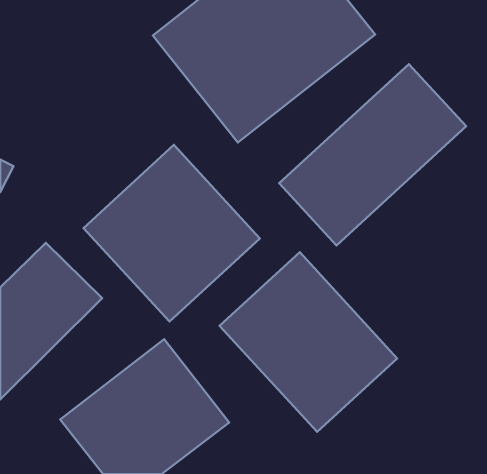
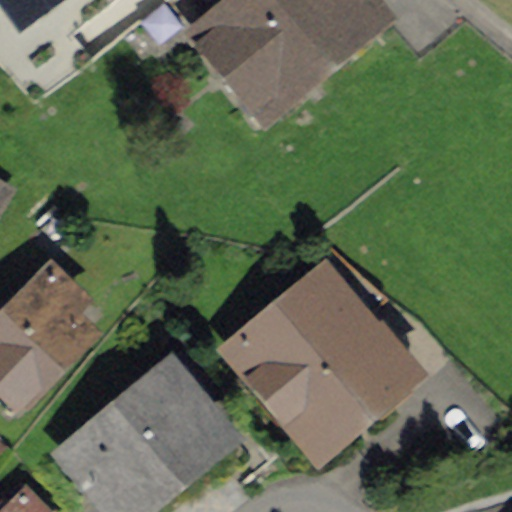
building: [279,64,466,245] -> none
building: [84,145,260,322] -> none

